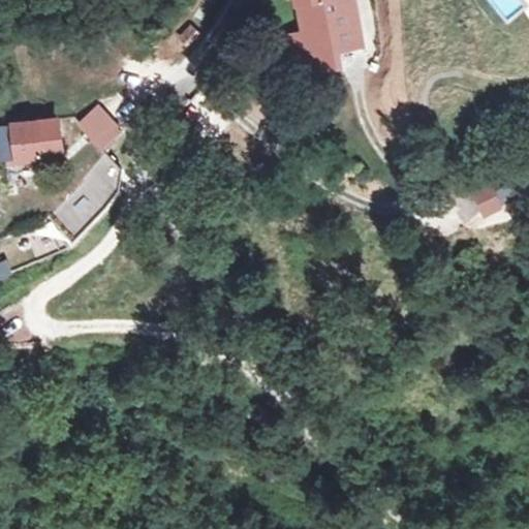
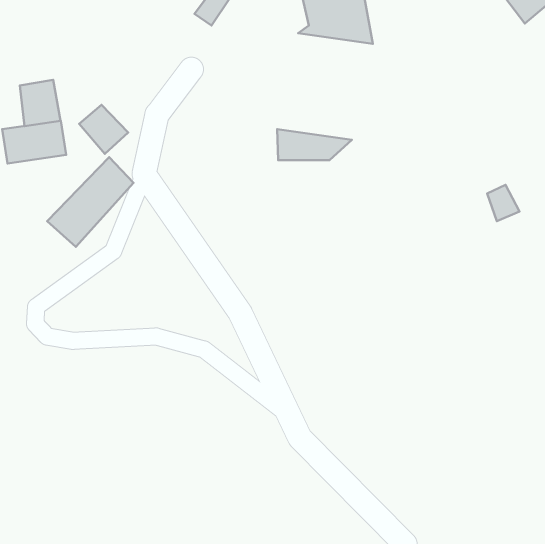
building: [289,32,362,62] -> [277,129,352,160]
building: none -> [20,80,60,126]

